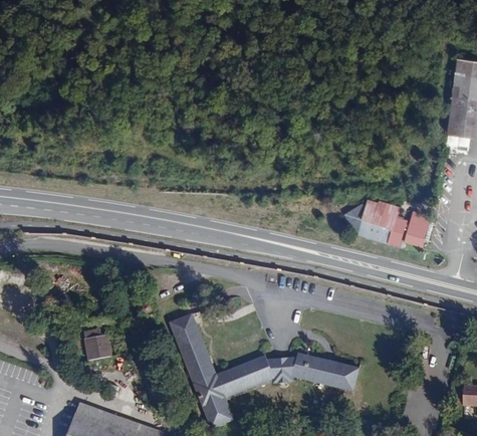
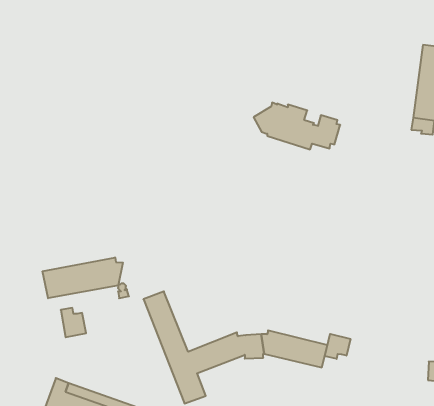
building: [343,199,433,247] -> [254,103,340,149]
building: none -> [43,257,123,298]
building: none -> [325,334,350,359]

